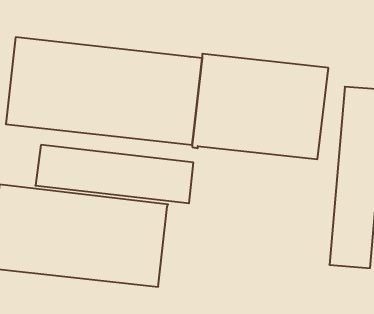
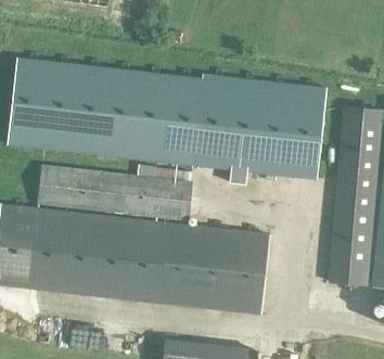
building: none -> [158,222,269,316]

